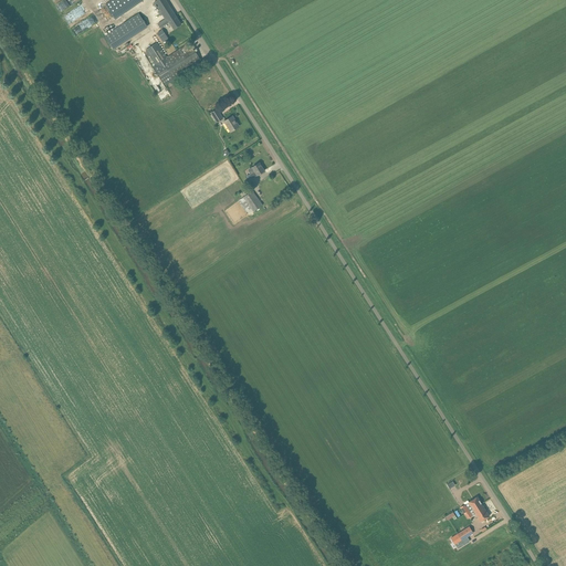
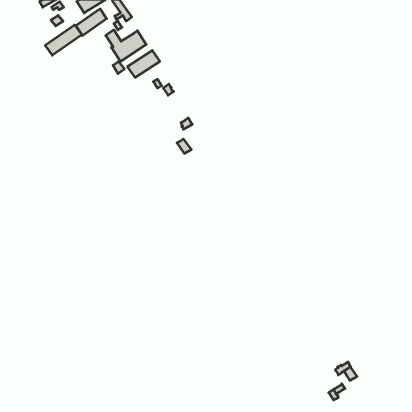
building: none -> [45,25,82,55]
building: none -> [128,50,160,77]

